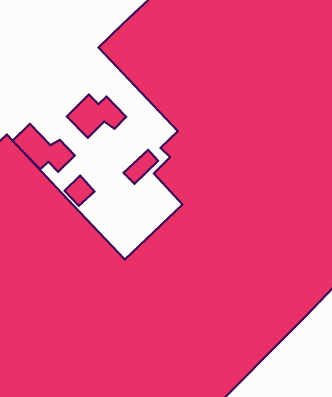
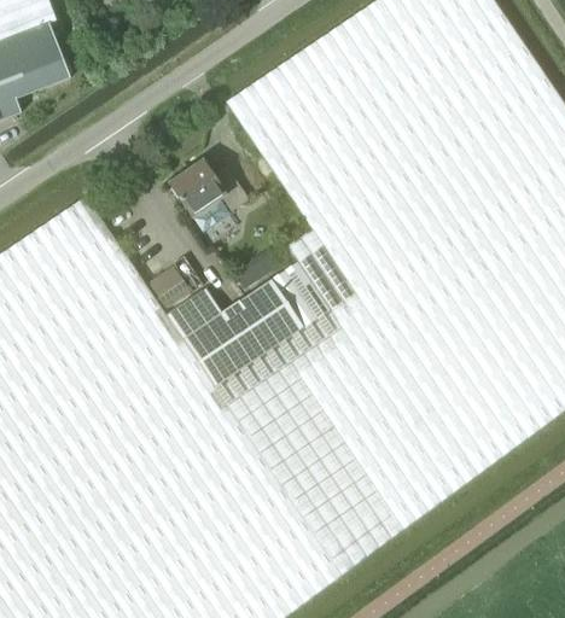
building: [13,124,75,172] -> none
building: none -> [164,281,302,389]

